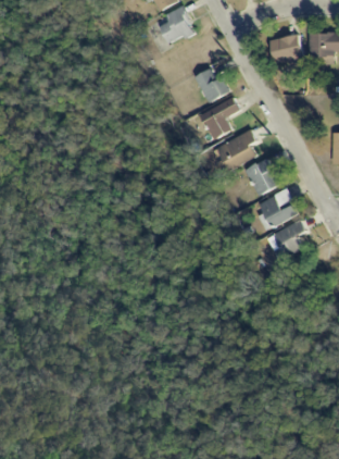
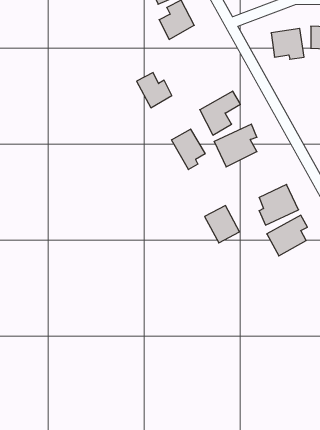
building: [194,69,229,103] -> [137,73,172,108]
building: none -> [172,129,205,170]
building: [244,159,279,196] -> [205,206,240,243]

